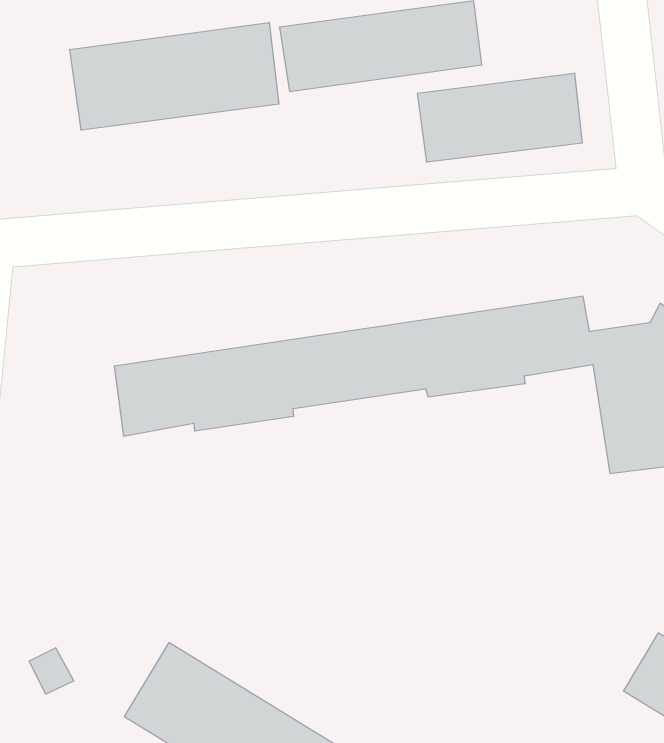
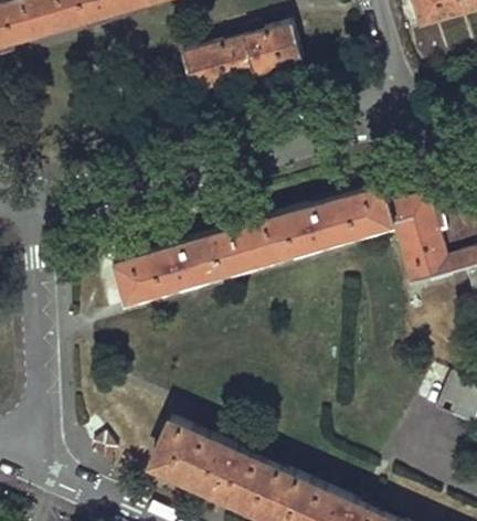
building: [70,22,279,130] -> none
building: [418,73,582,162] -> none

